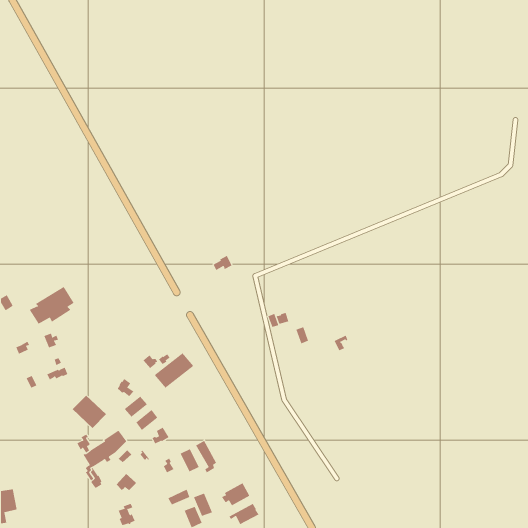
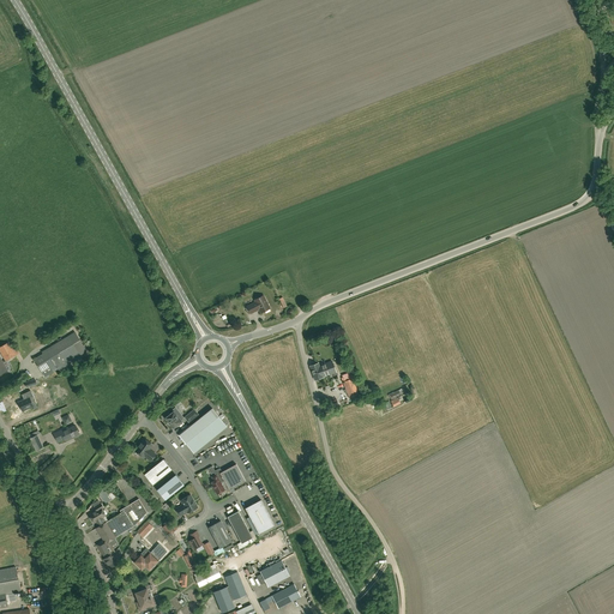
building: [72,395,107,429] -> none
building: none -> [211,464,246,494]
building: none -> [245,500,275,534]

